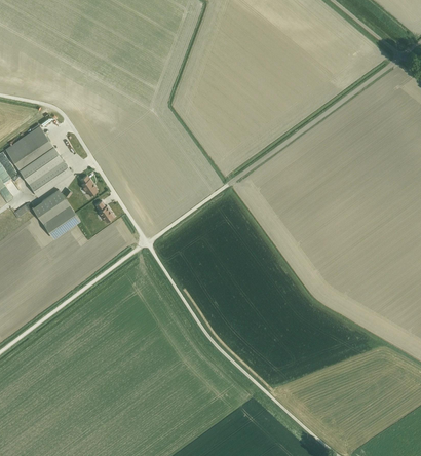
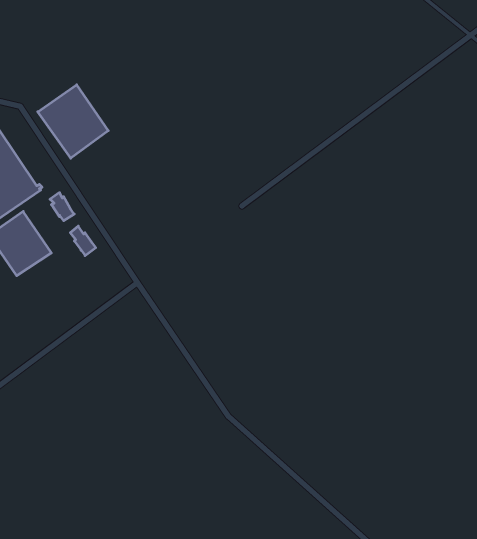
building: none -> [38,85,108,158]

